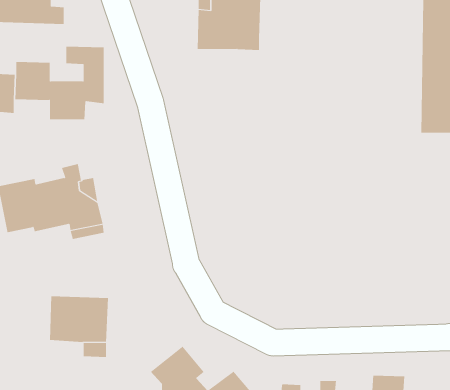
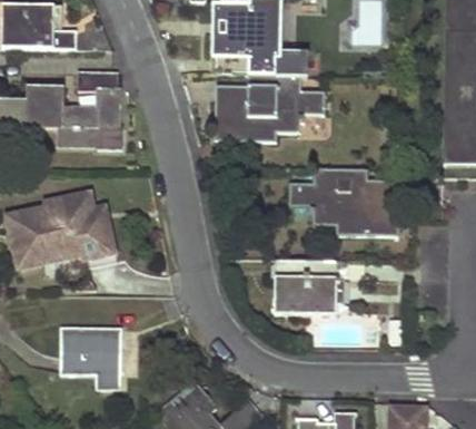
building: none -> [217,74,325,142]
building: none -> [289,166,399,235]
building: none -> [276,257,338,315]

